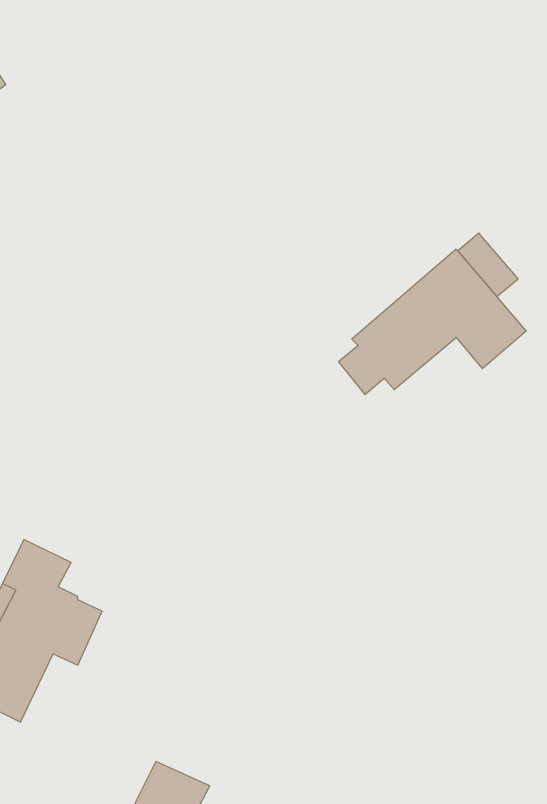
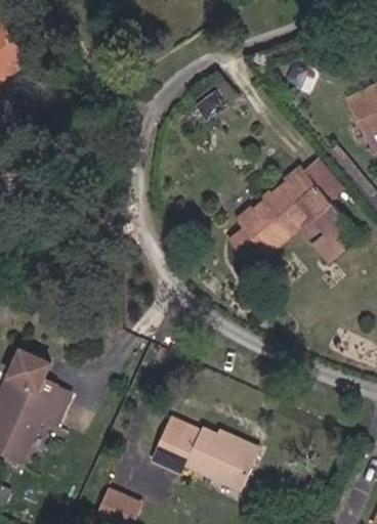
building: none -> [153,422,259,490]

